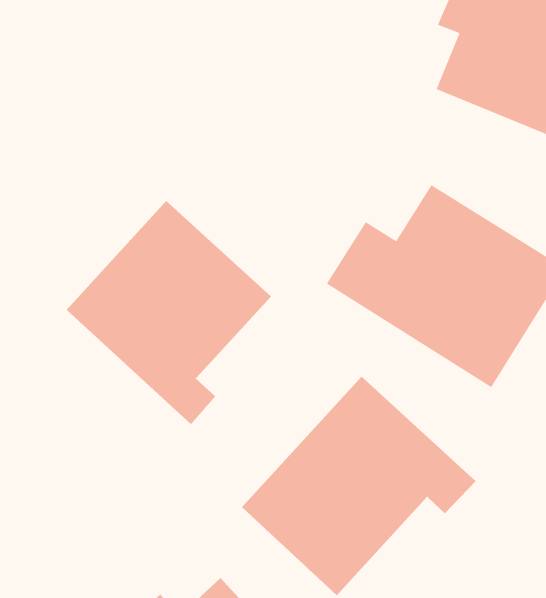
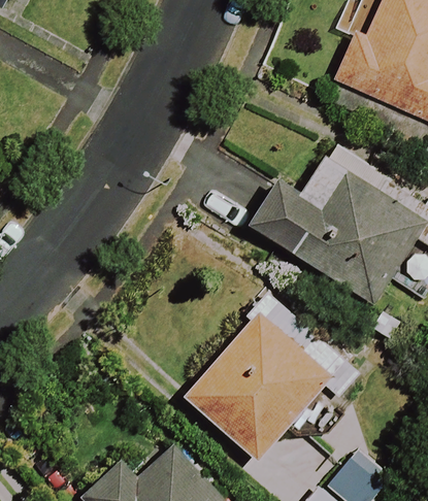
building: [66,200,272,425] -> none

